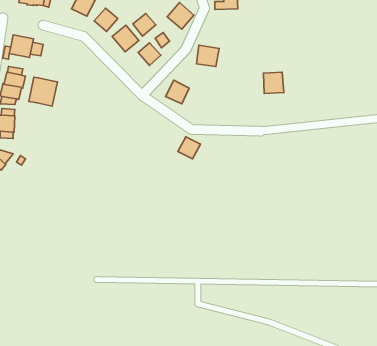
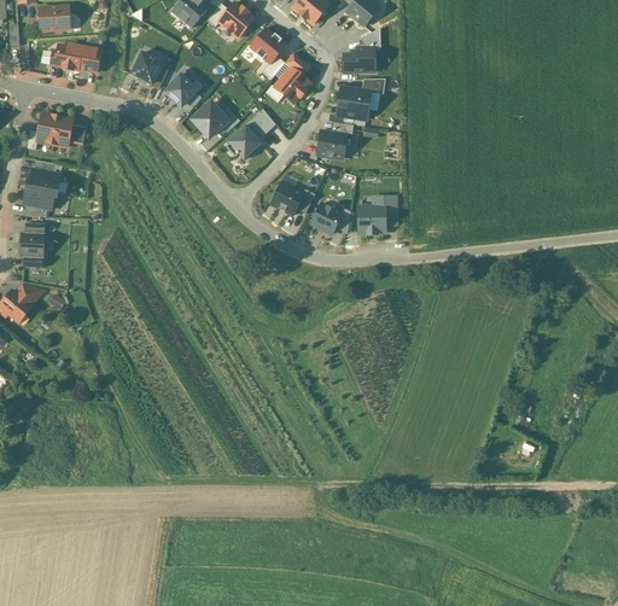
building: [133,13,156,36] -> none
building: none -> [337,83,373,116]
building: [264,72,284,93] -> [357,202,387,233]
building: [29,77,58,106] -> none
building: [178,137,200,159] -> [310,200,344,233]

